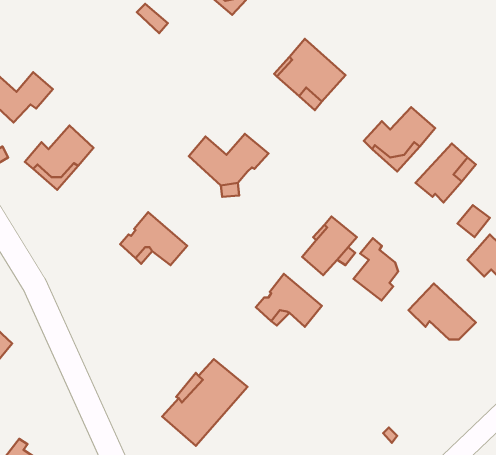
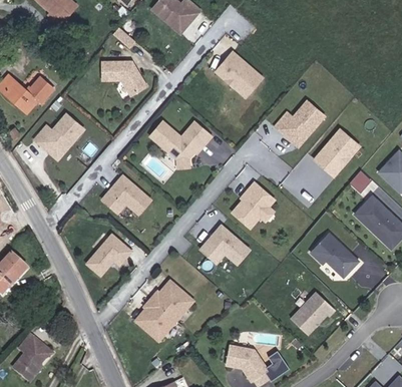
building: none -> [101,60,146,96]
building: [354,238,398,301] -> none
building: none -> [85,236,131,278]
building: none -> [289,288,333,330]

